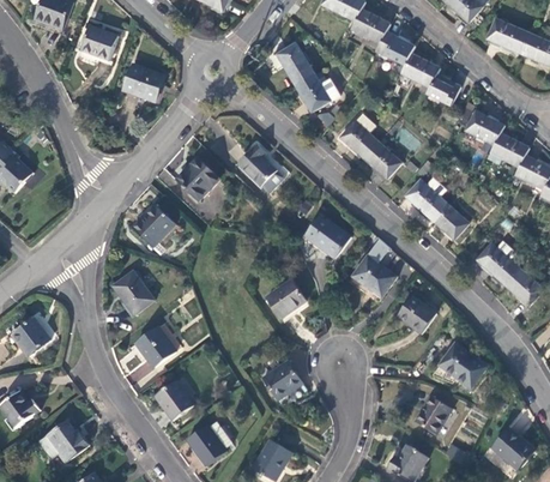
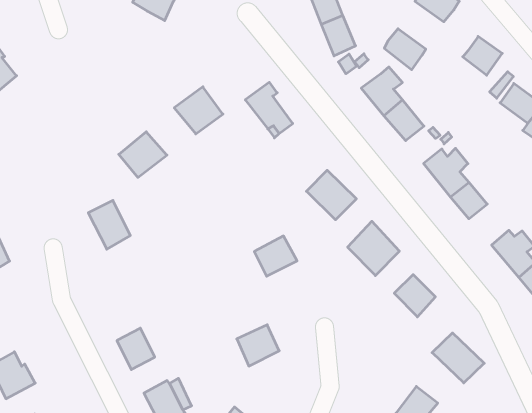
building: [403,54,440,89] -> [384,29,426,70]
building: [132,326,176,367] -> none

